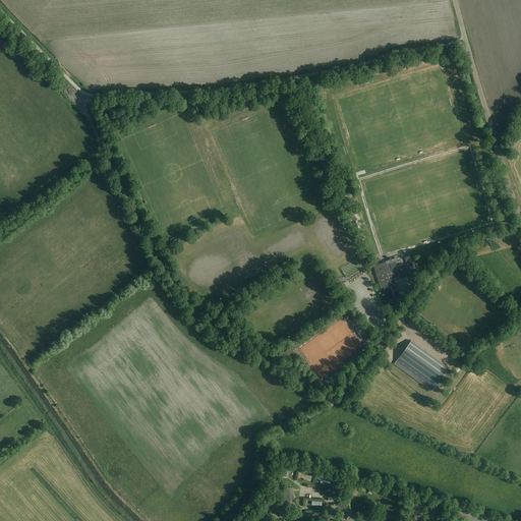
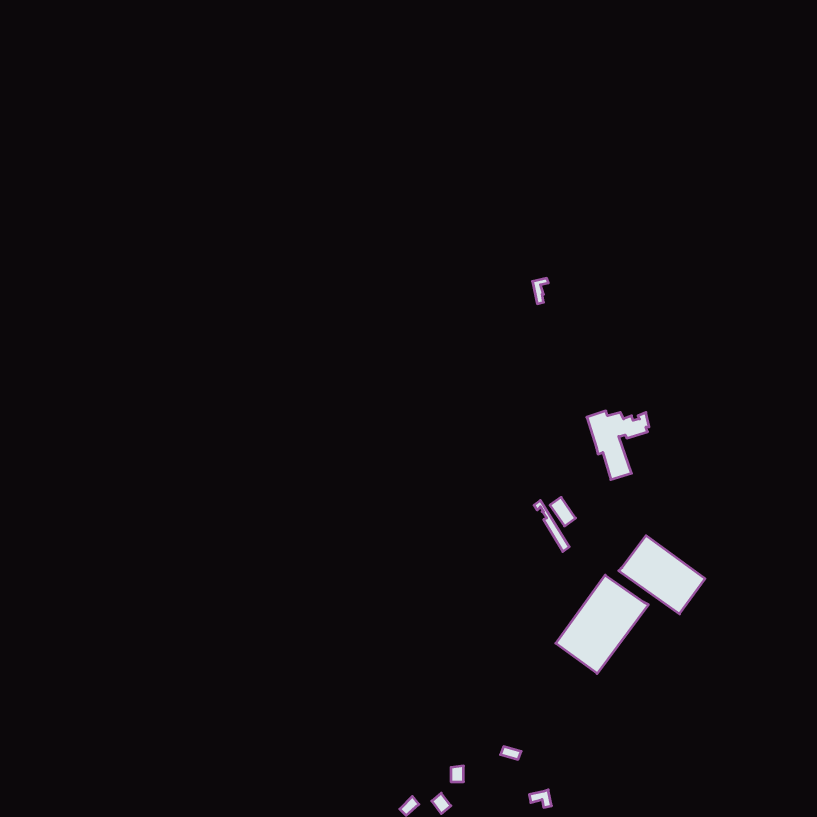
building: none -> [556,575,648,674]

